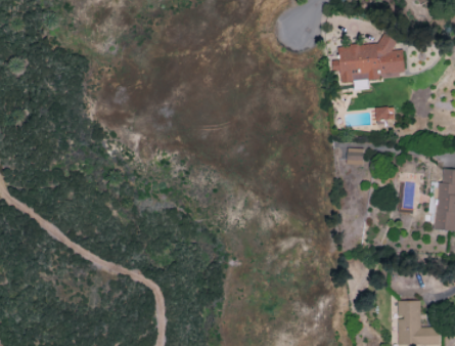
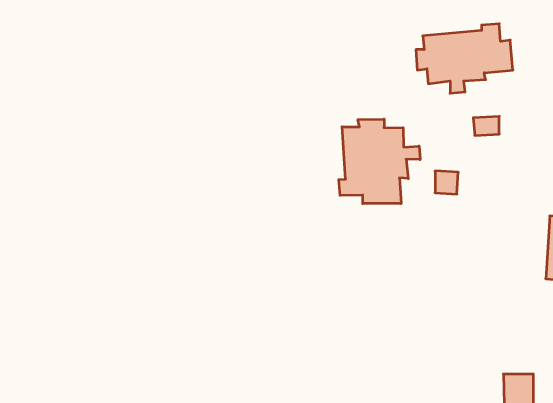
building: none -> [339,119,420,204]

